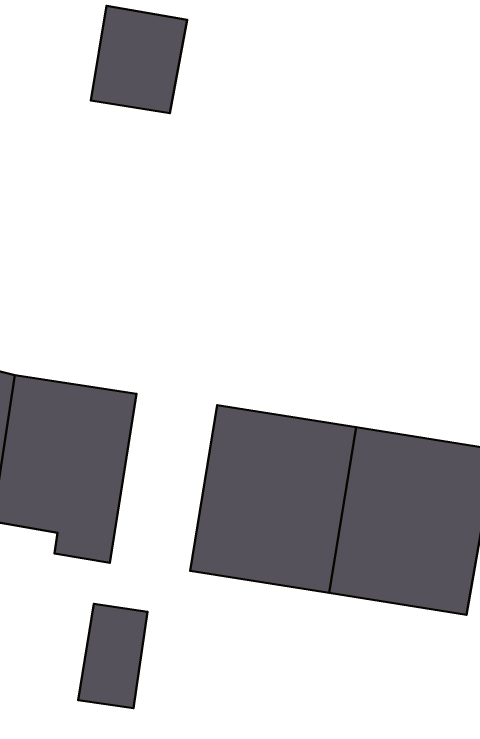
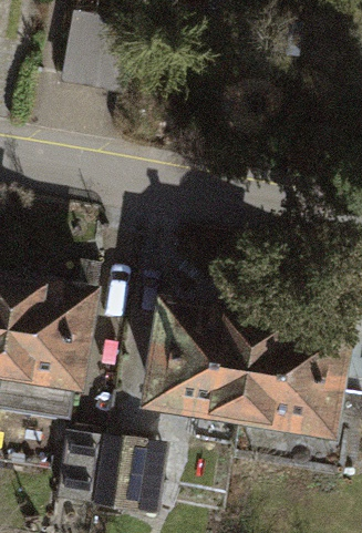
building: none -> [99,441,169,519]

